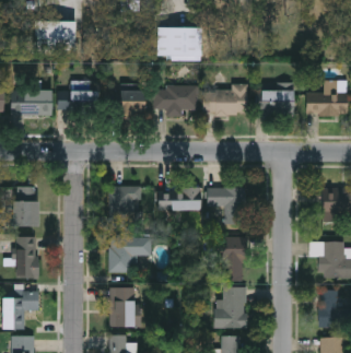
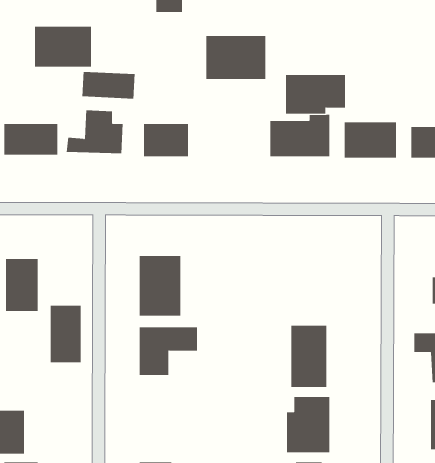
building: none -> [82,71,135,100]
building: [153,86,197,115] -> [285,75,346,114]
building: [207,187,247,225] -> none
building: [160,188,200,211] -> none
building: [13,236,36,278] -> [50,305,82,363]
building: [108,287,133,327] -> none

